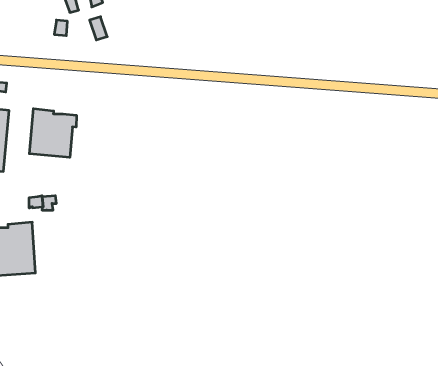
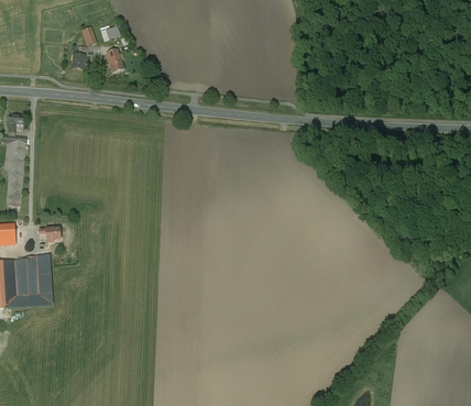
building: [29,109,76,157] -> none

